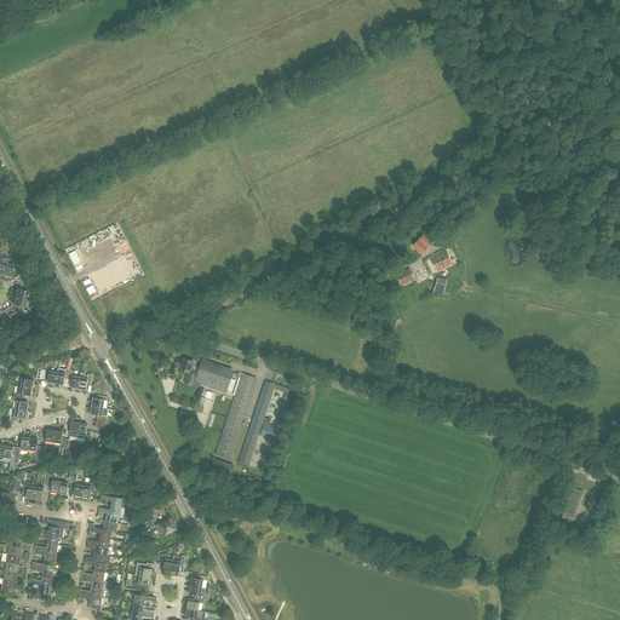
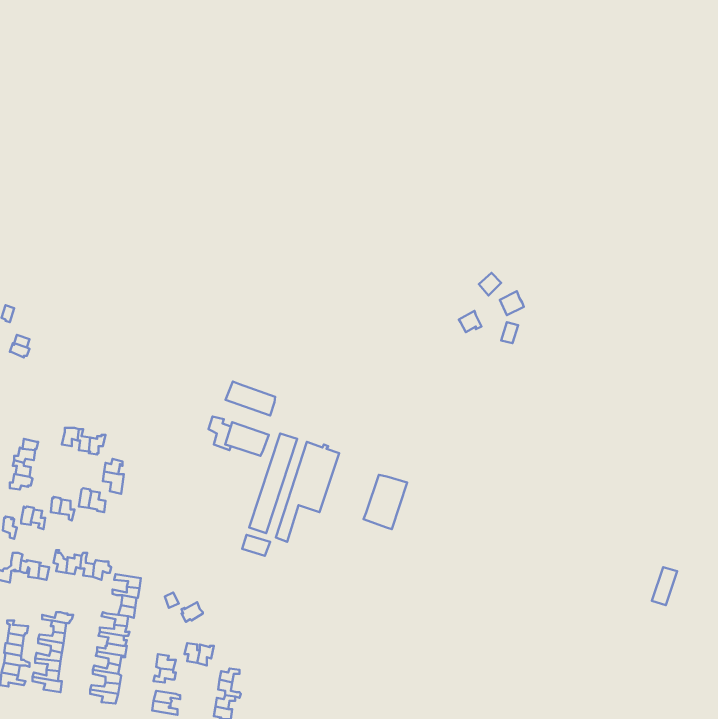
building: none -> [225,381,275,415]
building: none -> [363,475,407,529]

